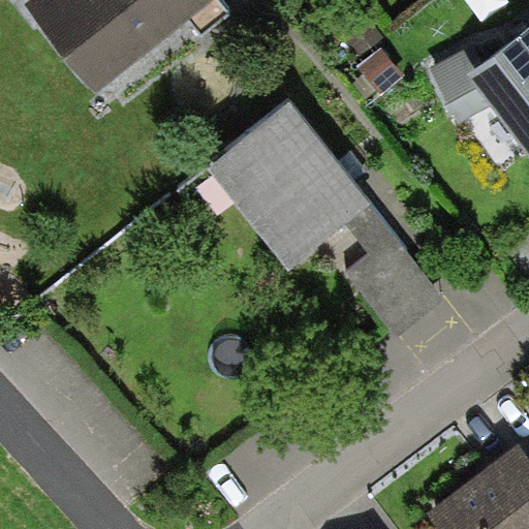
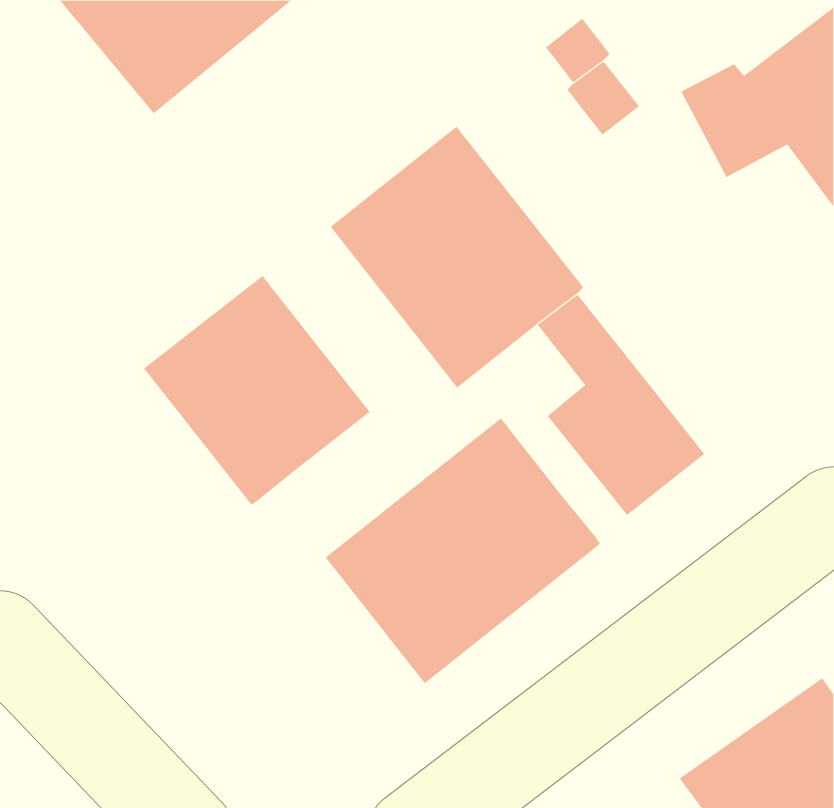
building: none -> [143,275,371,505]
building: none -> [325,417,601,684]

